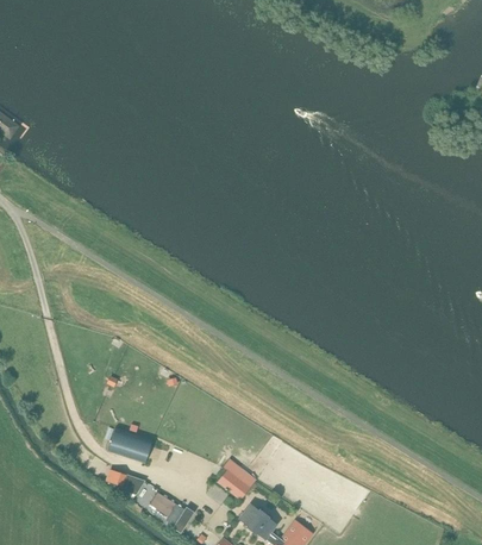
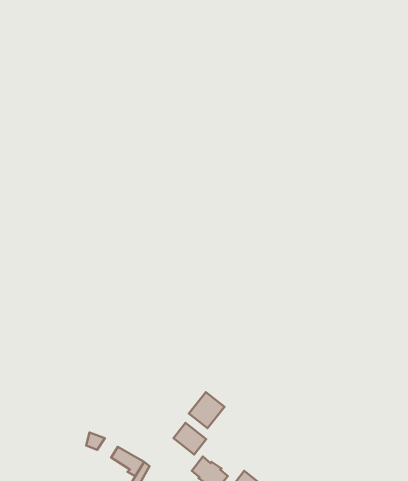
building: [108,427,154,463] -> none
building: none -> [189,392,225,428]

